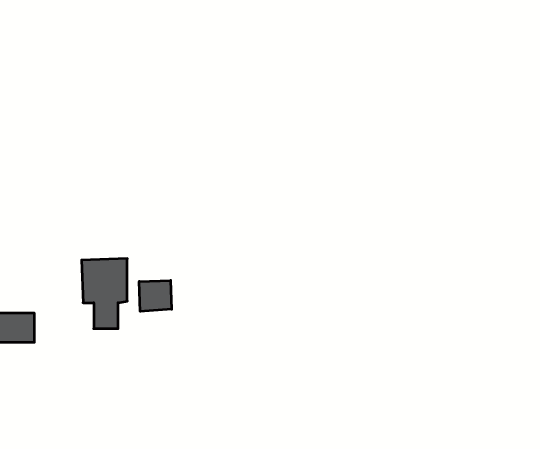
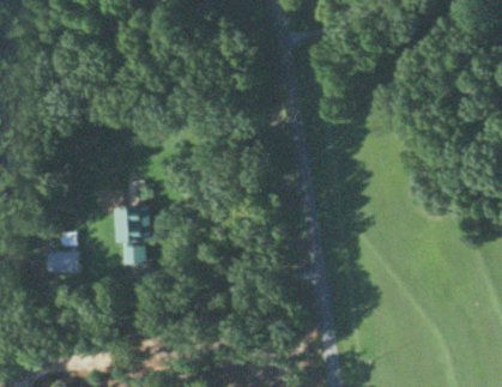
building: [139,280,172,311] -> none

